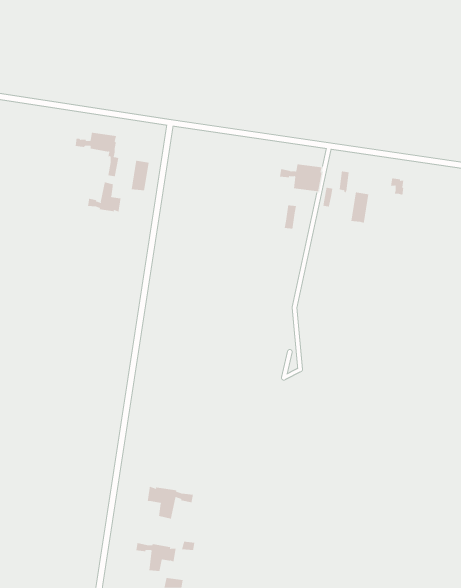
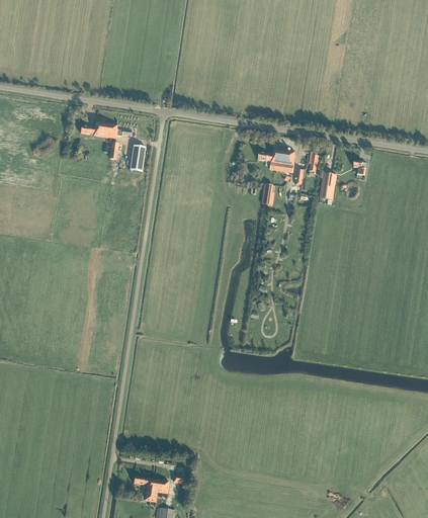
building: [87,181,121,212] -> none
building: [147,486,194,520] -> none

